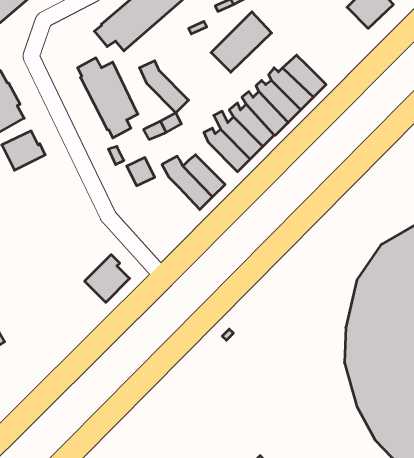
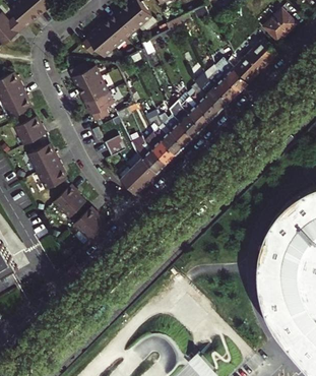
building: [211,12,272,72] -> [233,40,276,83]
building: [139,61,189,113] -> [147,118,183,155]
building: none -> [26,144,65,189]
building: none -> [118,158,155,195]
building: none -> [52,183,85,218]

